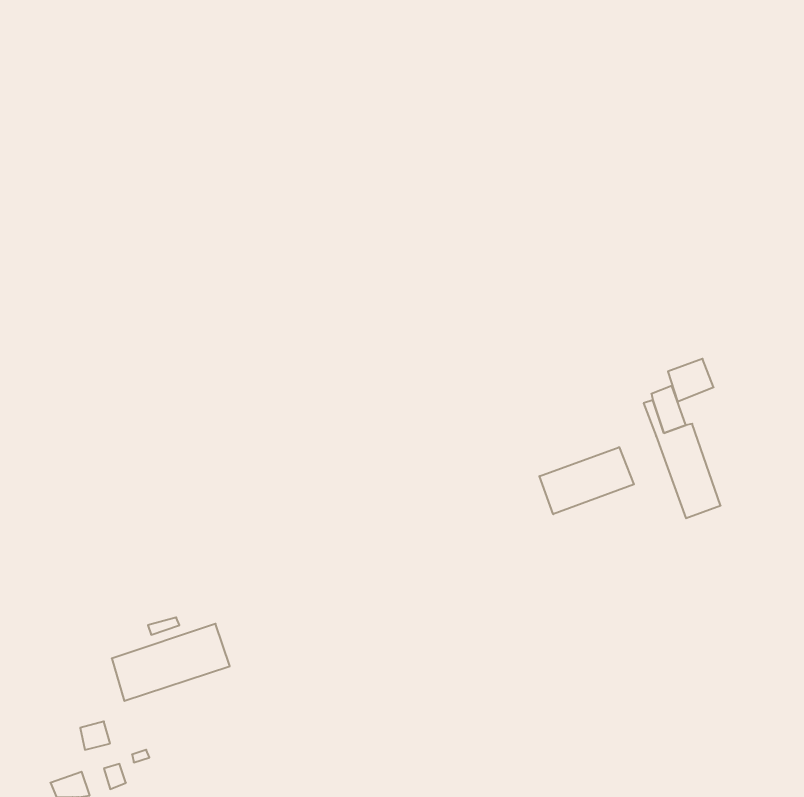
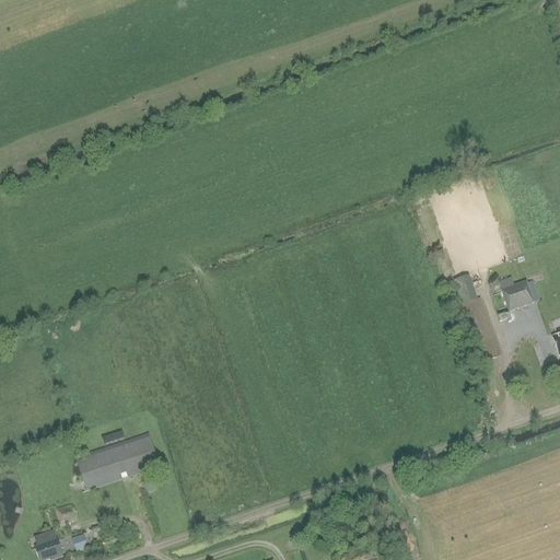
building: [668,359,714,401] -> [502,278,534,307]
building: [539,447,634,514] -> none

